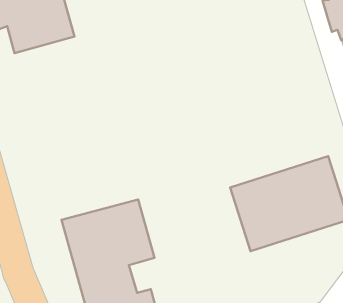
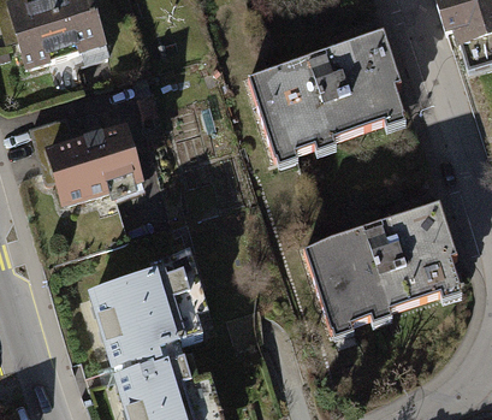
building: none -> [250,34,409,160]
building: none -> [51,128,141,203]

